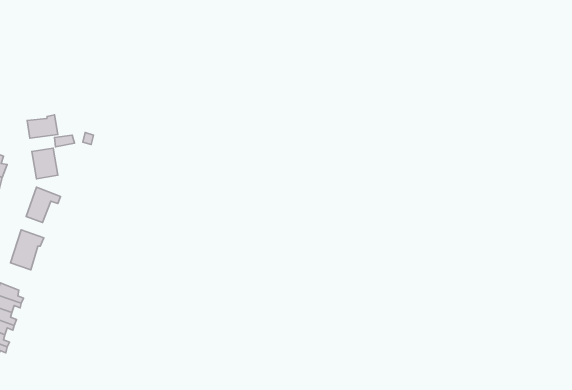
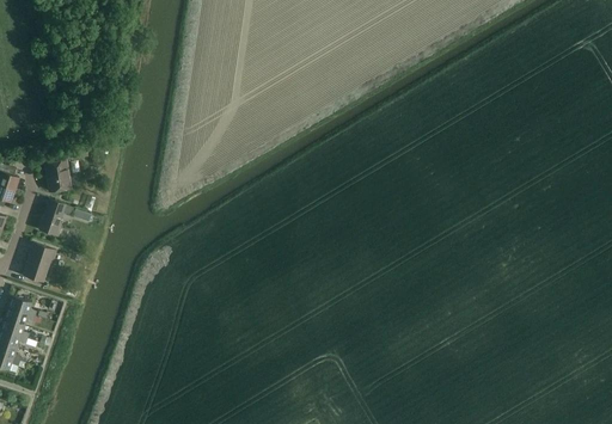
building: [27,115,58,138] -> none

